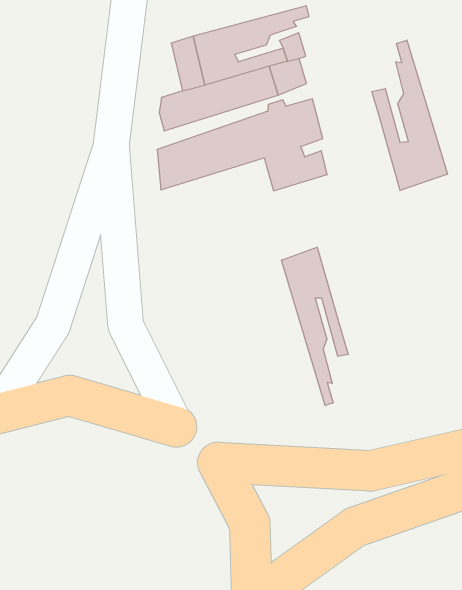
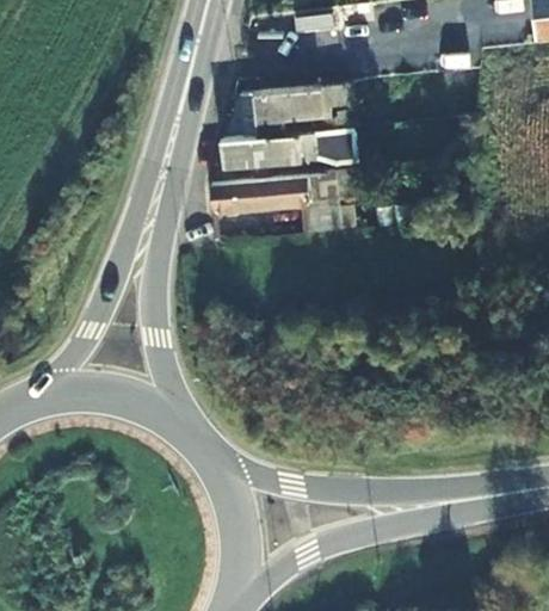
building: [372,40,447,191] -> none
building: [281,247,348,406] -> none

